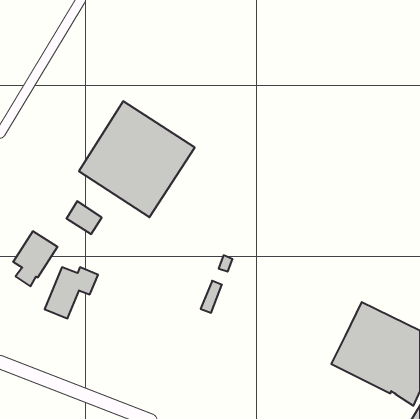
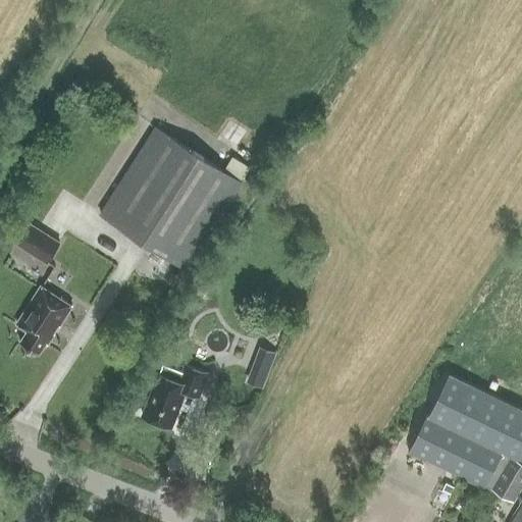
building: [66,201,102,234] -> [15,224,59,265]
building: [45,267,98,318] -> [142,366,208,429]

